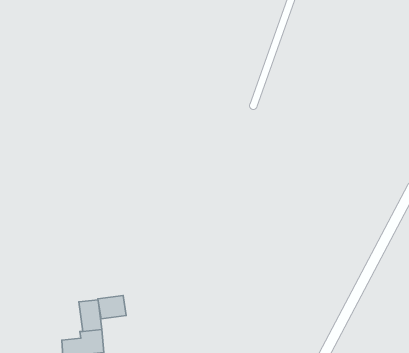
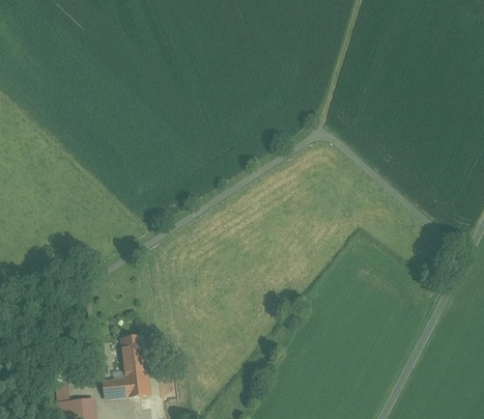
building: [98,296,126,319] -> none

